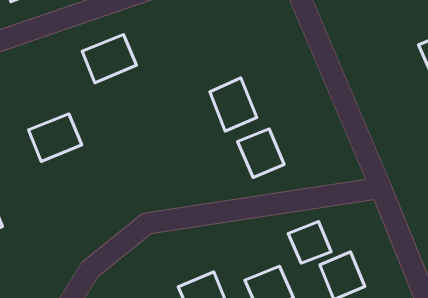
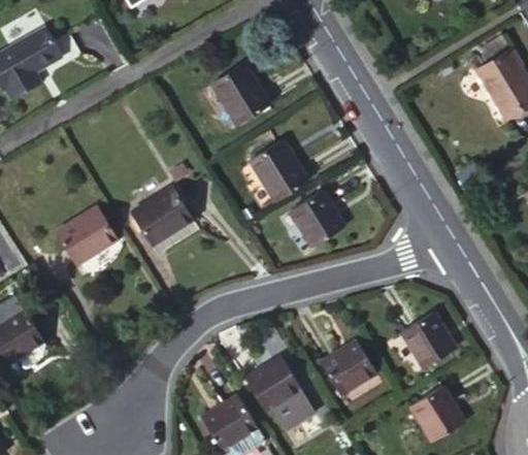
building: none -> [212,62,269,124]
building: [82,34,137,83] -> [130,187,193,246]
building: [288,221,331,263] -> none

